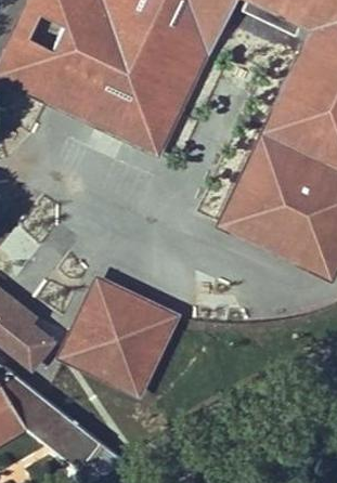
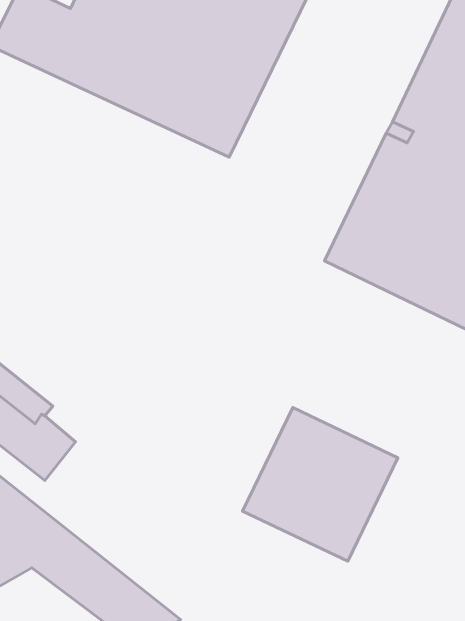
building: [66,286,170,389] -> [243,408,398,561]

